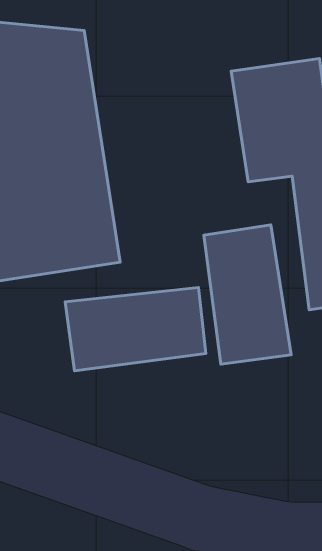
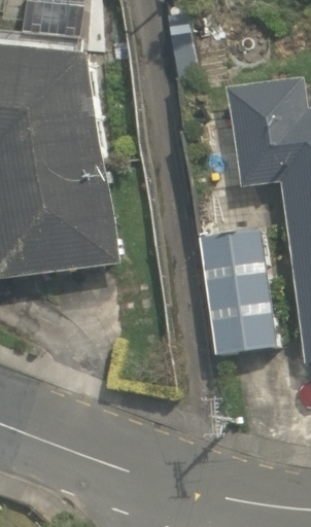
building: [65,287,206,371] -> none

